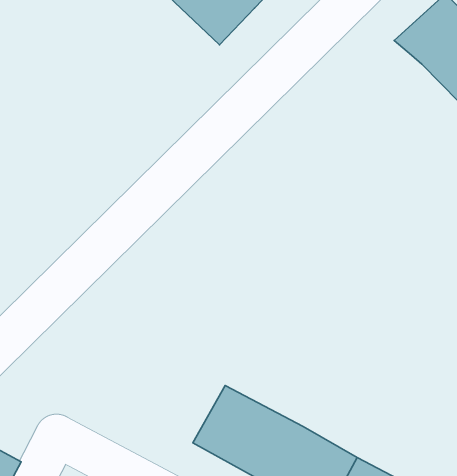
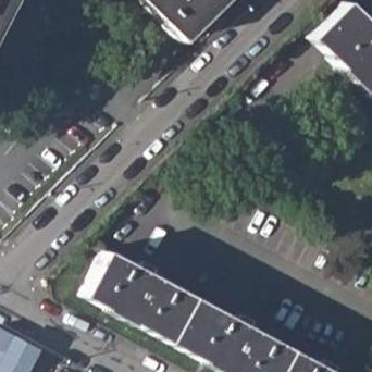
building: none -> [90,251,191,336]

